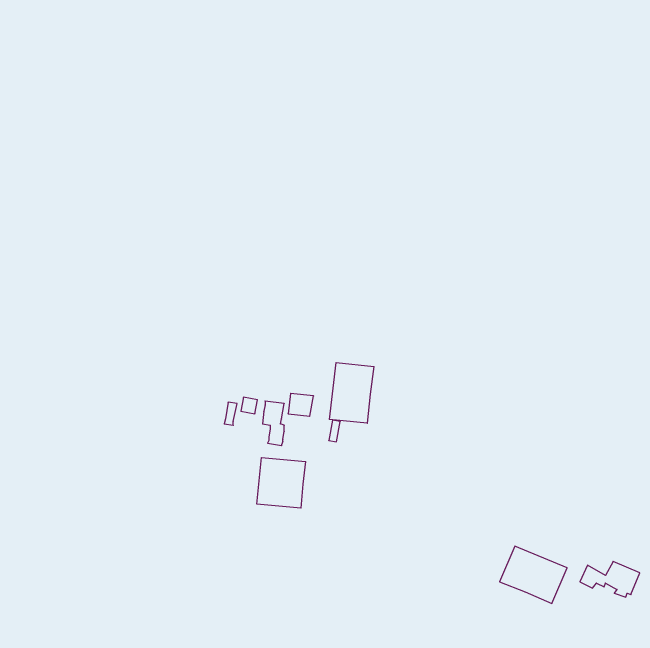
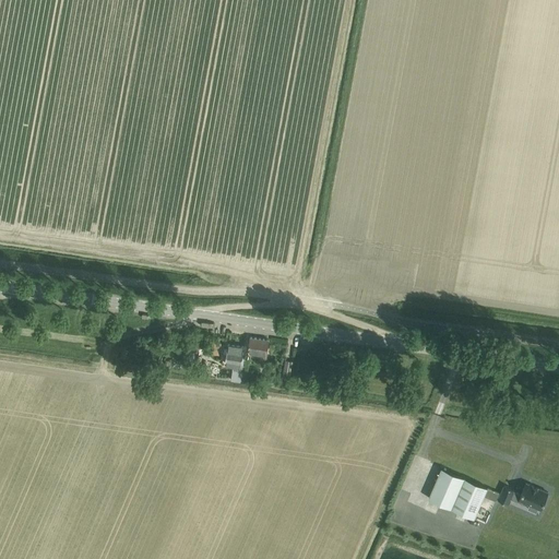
building: [329,363,374,423] -> none
building: [257,458,306,508] -> none

